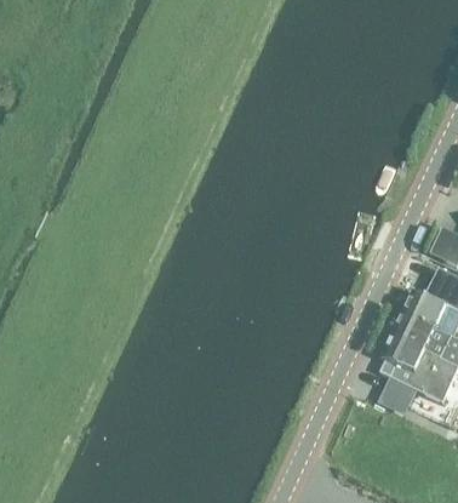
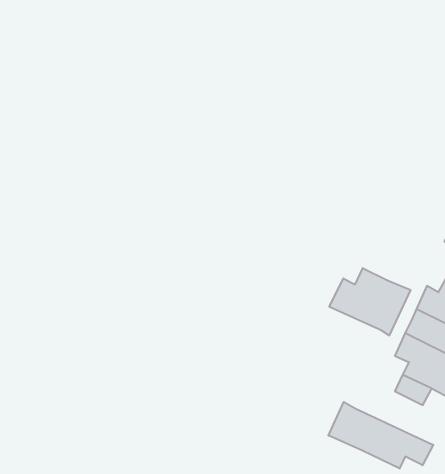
building: none -> [329,268,411,336]
building: none -> [328,402,433,469]

